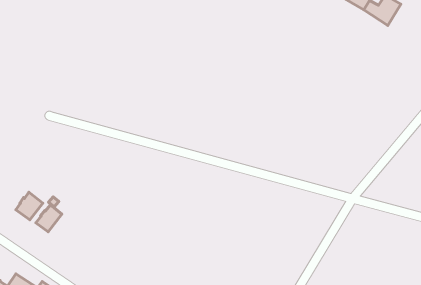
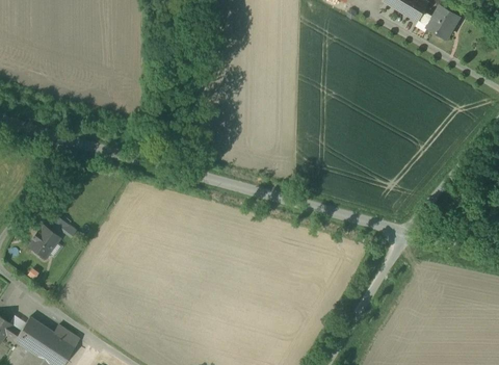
building: [36,205,62,232] -> none

